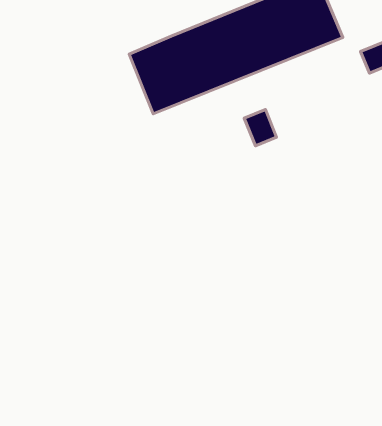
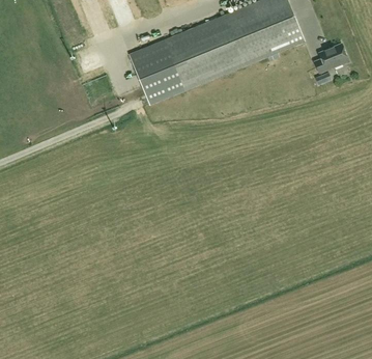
building: [244,109,277,146] -> none

